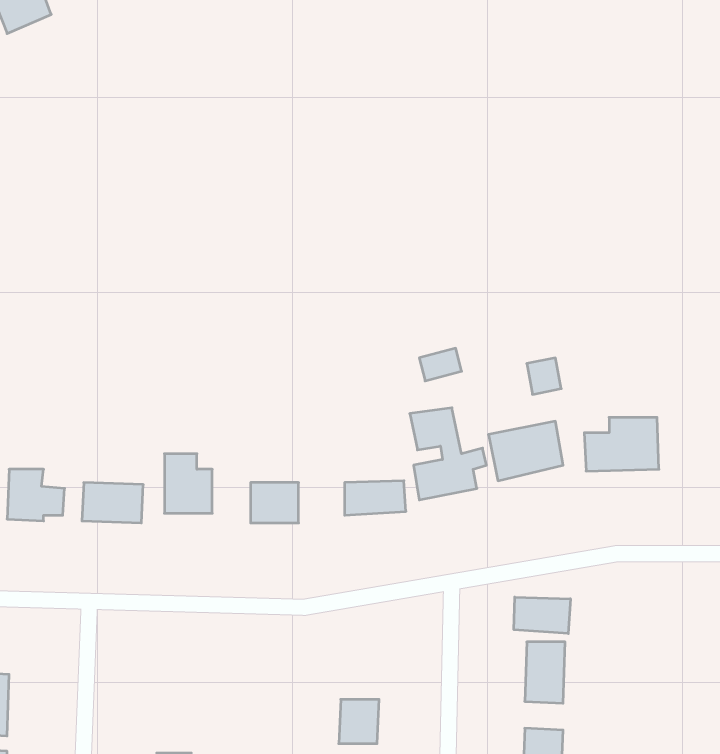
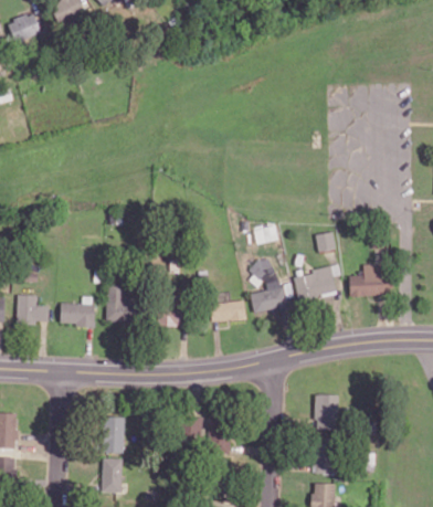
building: [514,597,570,634] -> none
building: none -> [180,414,202,445]
building: none -> [102,416,124,453]

